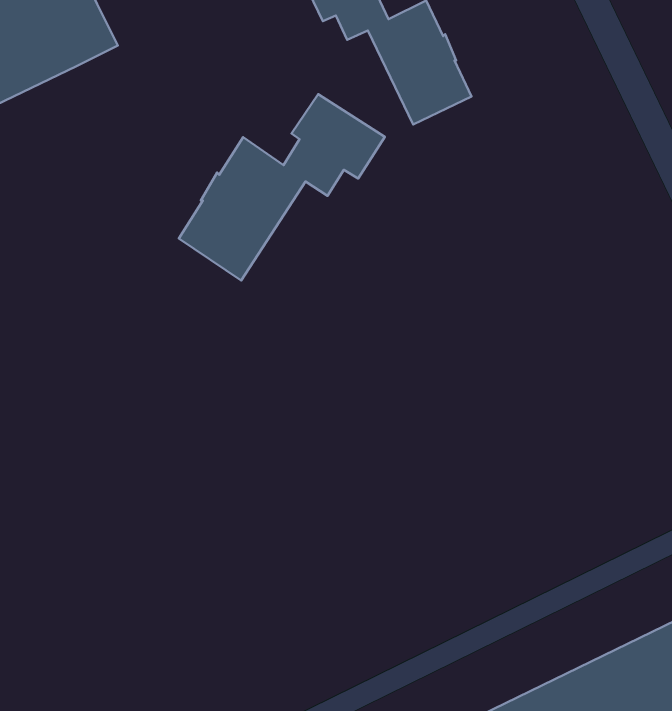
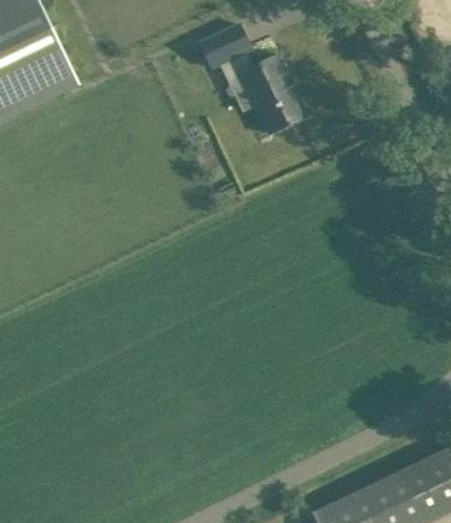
building: [179,94,385,281] -> none

